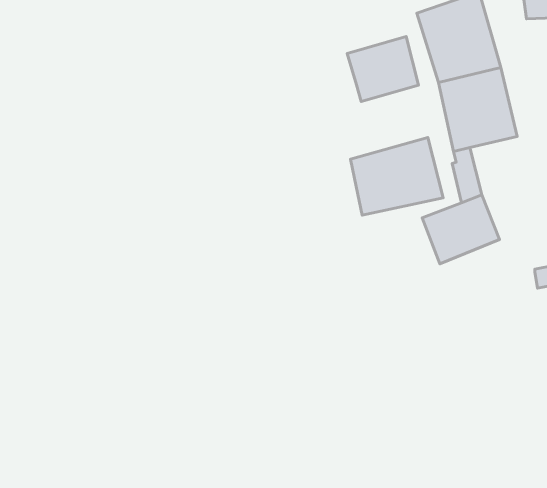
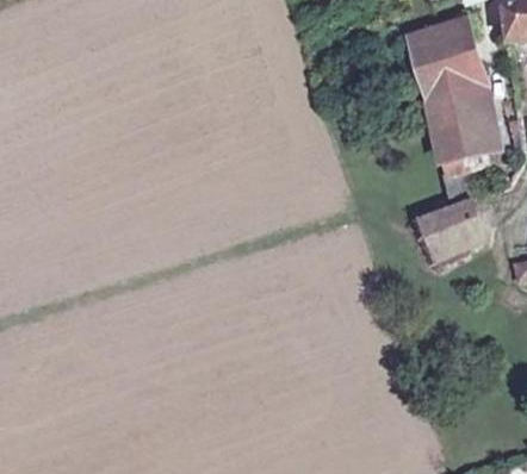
building: [347,36,418,101] -> none
building: [351,137,443,215] -> none

